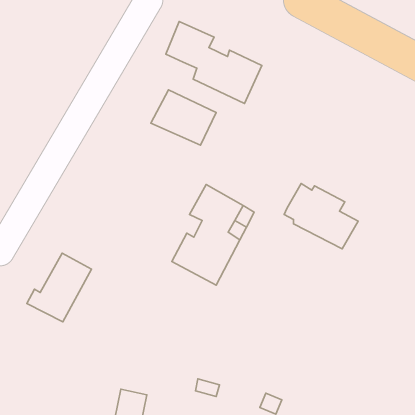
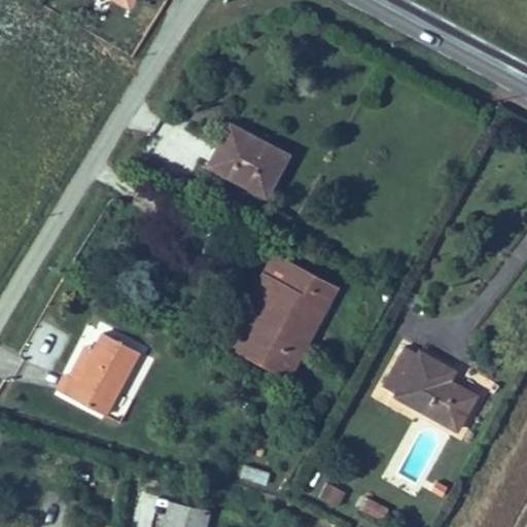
building: [166,22,262,103] -> none
building: [284,183,358,249] -> [391,349,482,429]

